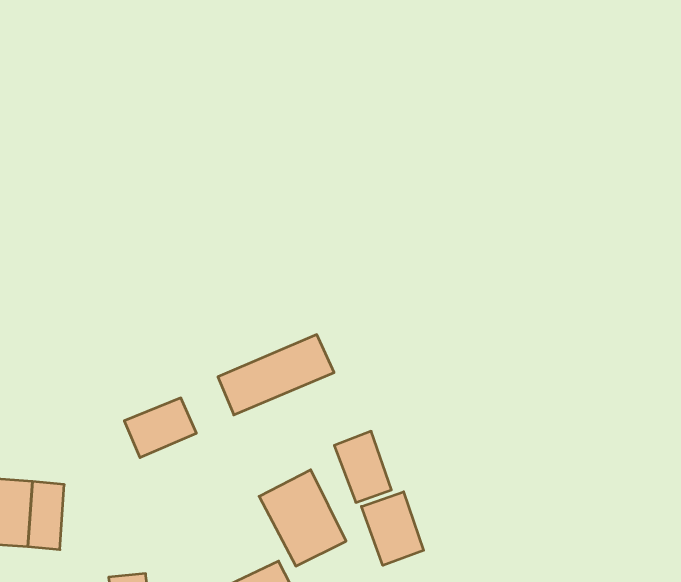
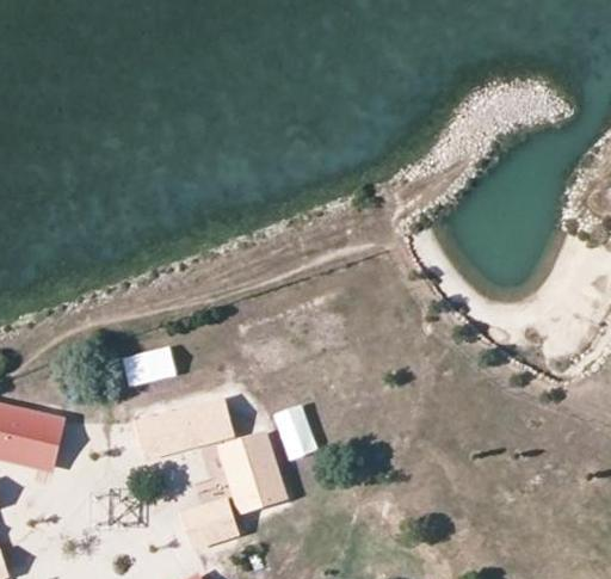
building: [218,335,334,415] -> [137,400,230,455]
building: [361,492,424,565] -> none

